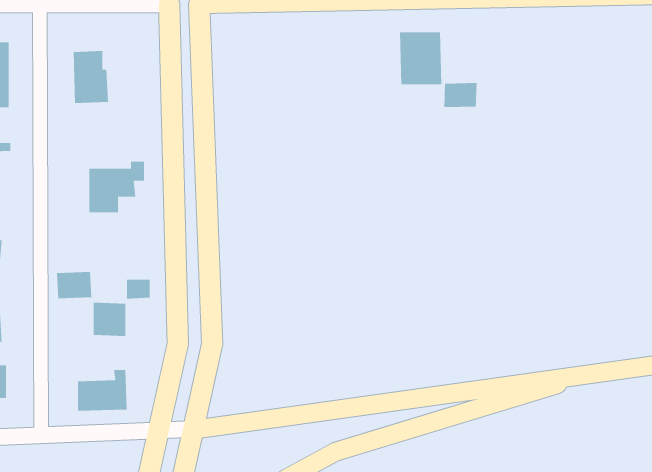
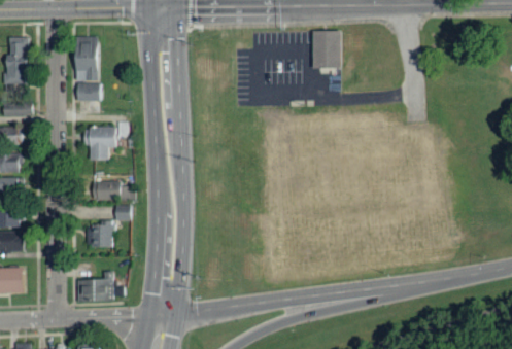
building: [444,82,477,108] -> none
building: none -> [76,82,103,101]
building: [56,271,92,299] -> [100,180,126,200]

